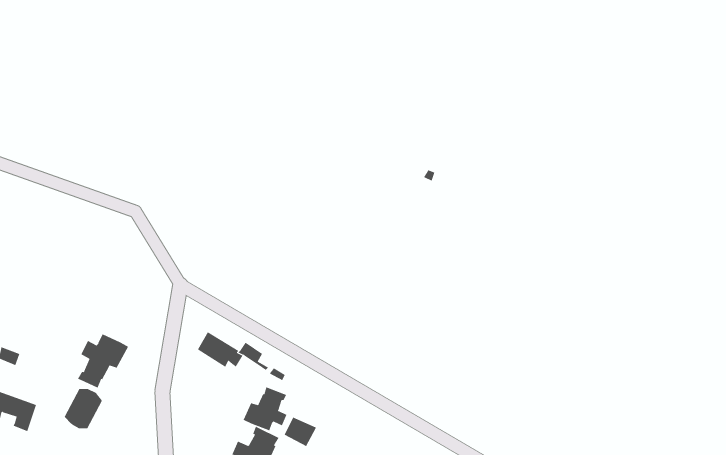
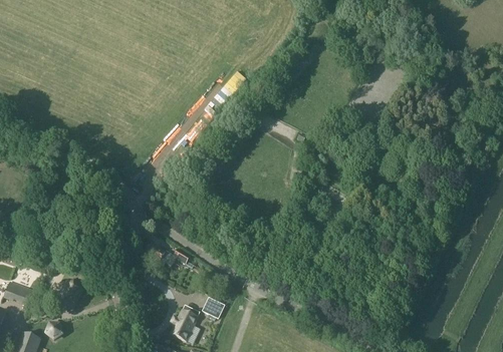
building: [77,334,129,388] -> none
building: [243,386,287,431] -> none

